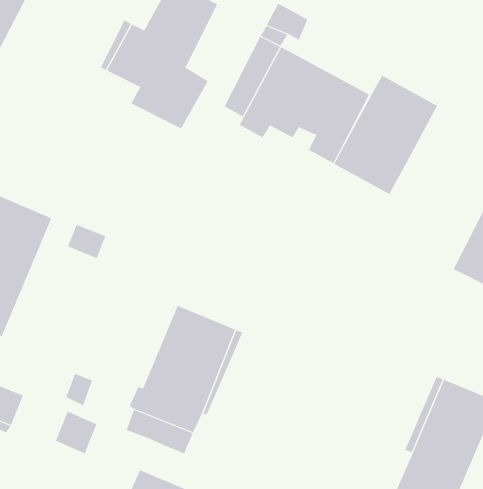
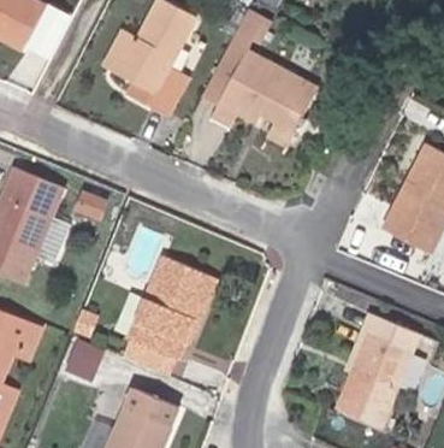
building: [333,75,438,195] -> none

